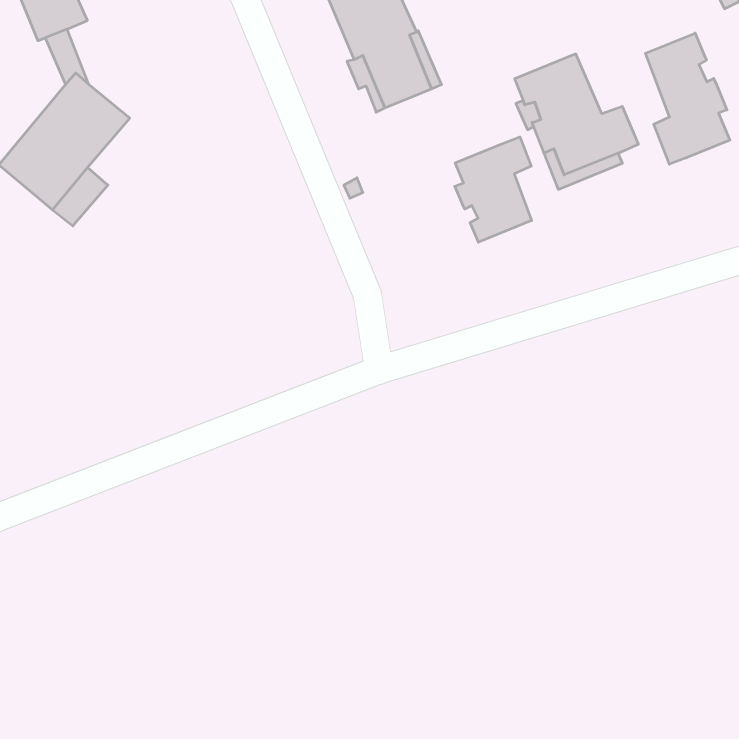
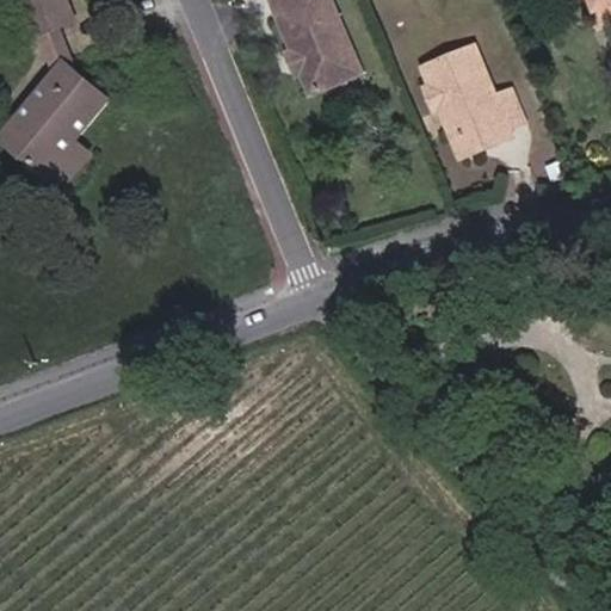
building: [645,33,730,164] -> none
building: [455,137,532,242] -> none

